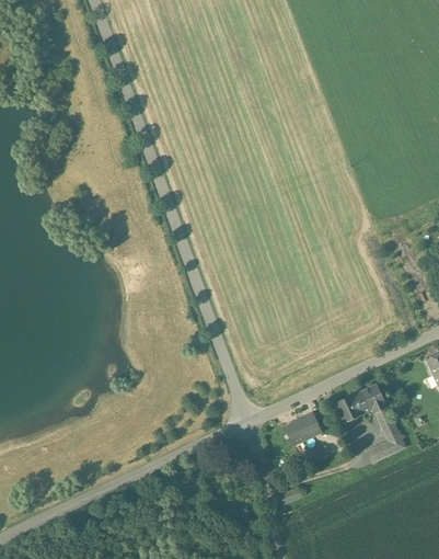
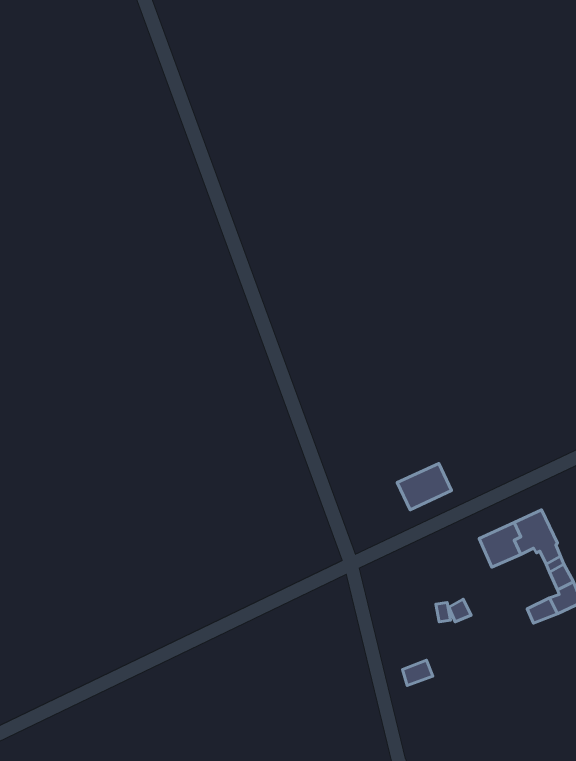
building: [285,412,322,444] -> [397,463,452,510]

